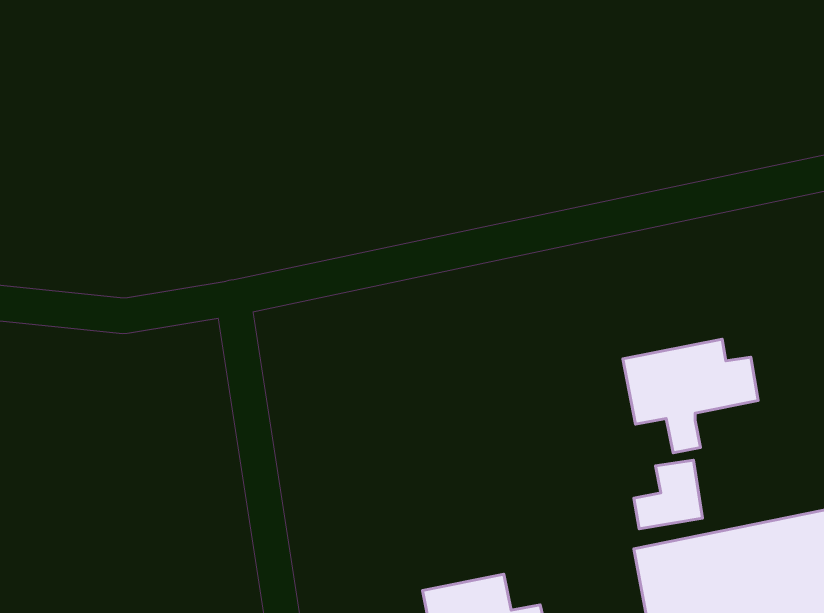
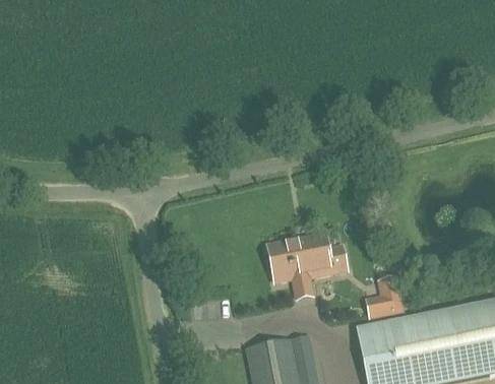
building: [623,339,758,453] -> [268,233,345,297]

